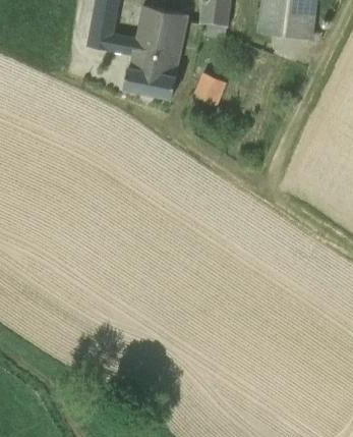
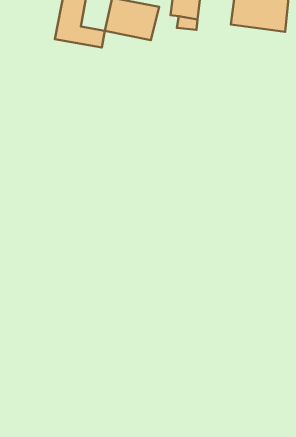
building: [123,38,180,98] -> none
building: [194,73,226,106] -> none

